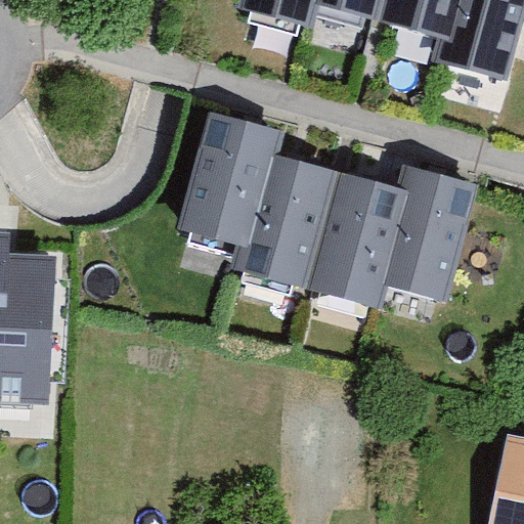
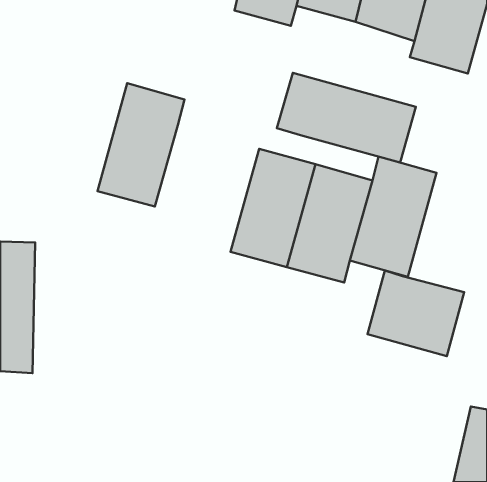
building: none -> [277,73,416,162]
building: [192,115,286,247] -> [98,83,184,206]
building: none -> [367,270,464,356]

